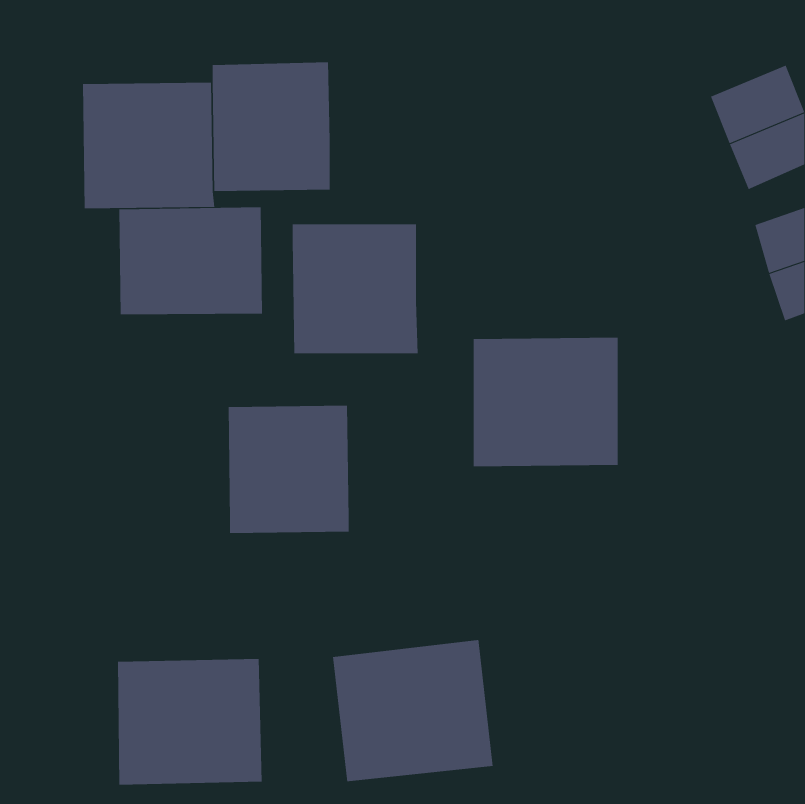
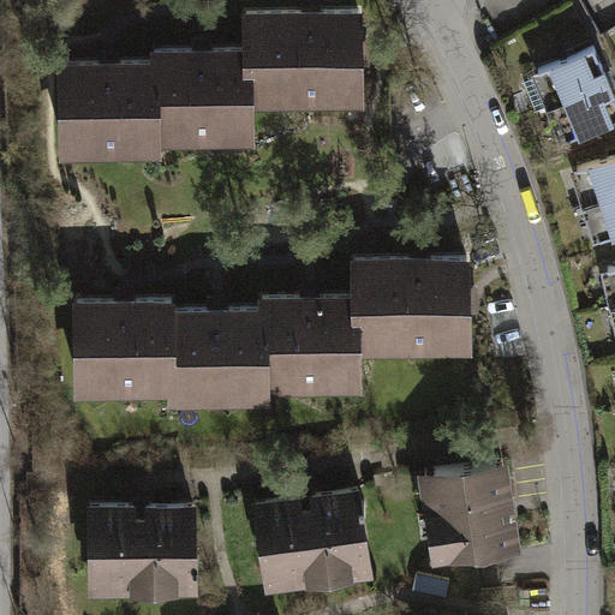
building: none -> [250,14,366,111]
building: [119,207,262,315] -> none
building: [292,224,419,354] -> [264,299,360,398]
building: none -> [71,300,174,400]
building: none -> [418,460,524,566]

